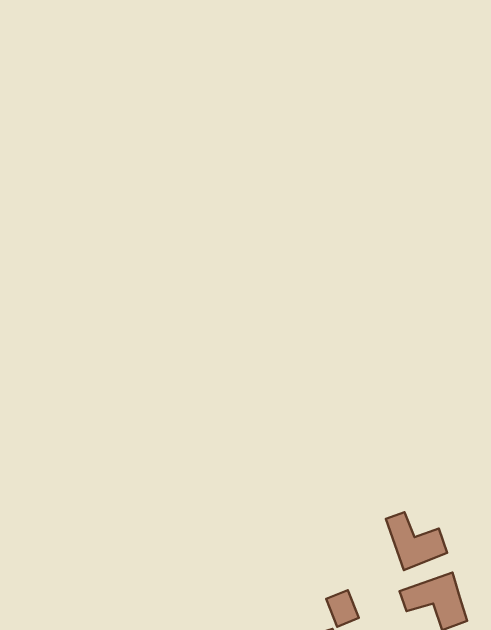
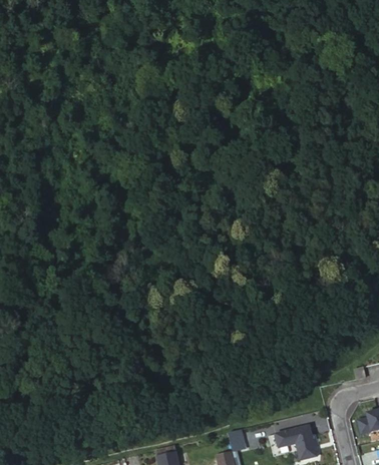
building: [386,512,447,570] -> none

